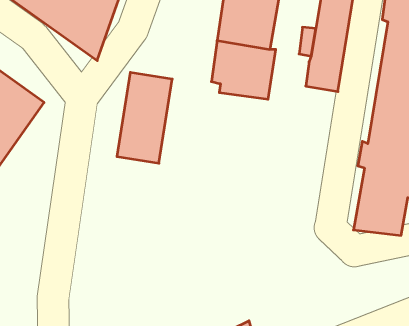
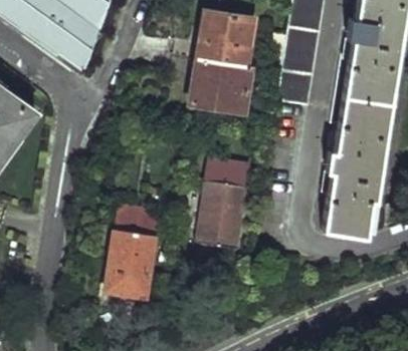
building: [117,72,172,163] -> [197,164,247,247]
building: none -> [107,200,158,294]

